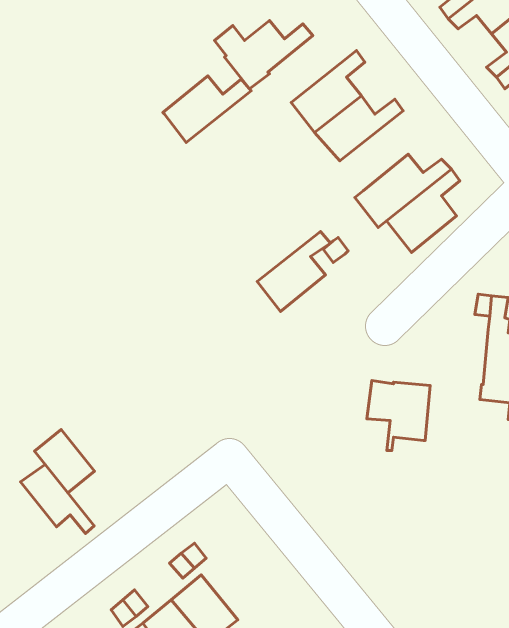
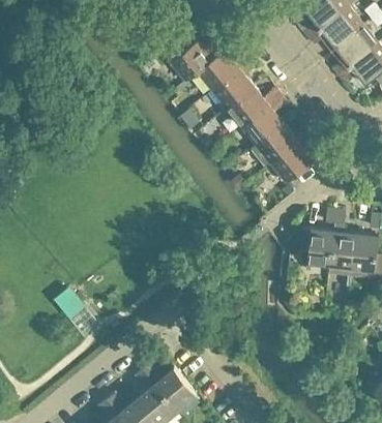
building: [163,76,251,143] -> [197,49,252,90]
building: [257,231,330,311] -> [241,95,287,145]
building: [367,380,430,450] -> [294,228,333,271]
building: [20,465,94,533] -> none
building: none -> [155,367,197,411]

